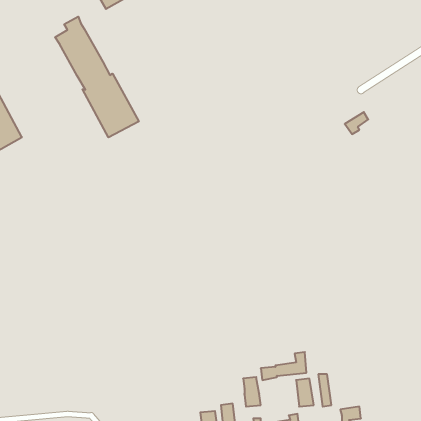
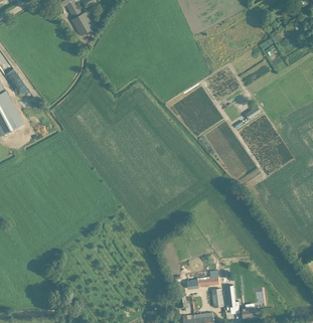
building: [55,17,139,137] -> none

